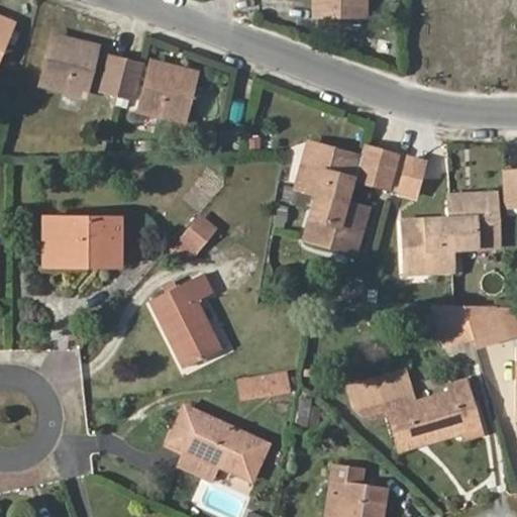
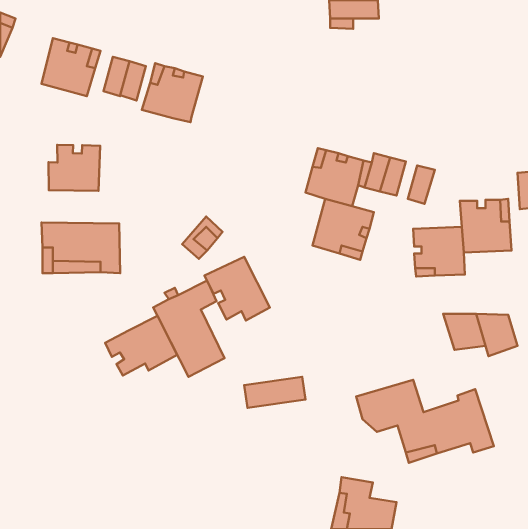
building: none -> [48,145,100,191]
building: none -> [205,257,270,320]
building: none -> [105,316,177,375]
building: [172,407,269,483] -> none

